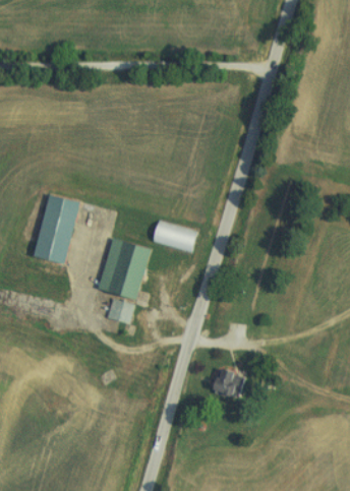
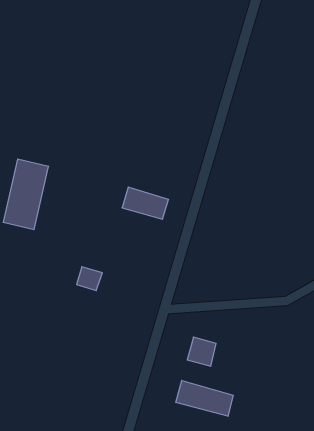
building: [98,238,150,299] -> none
building: none -> [176,380,233,416]

